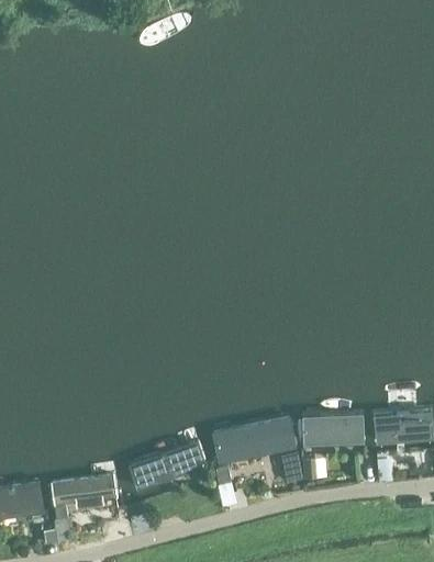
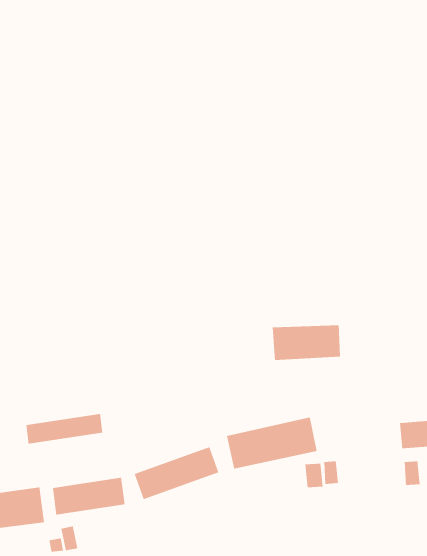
building: none -> [26,413,103,444]
building: [301,414,365,447] -> [272,325,341,360]

